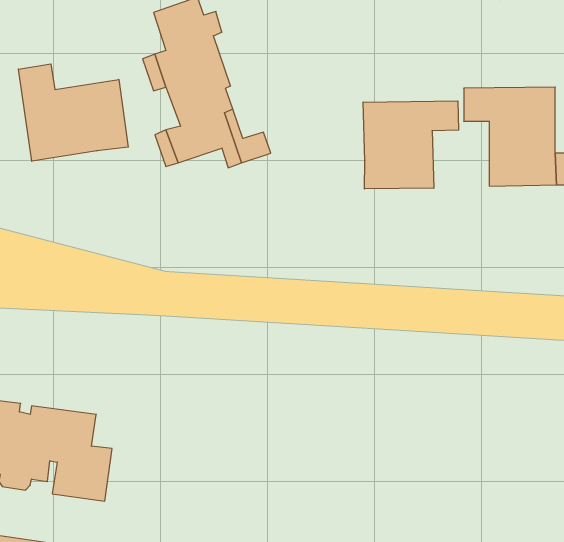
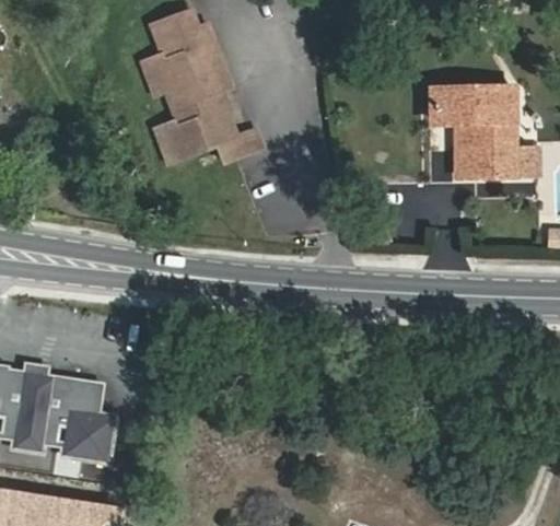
building: [18,64,128,161] -> none
building: [363,101,459,189] -> none

